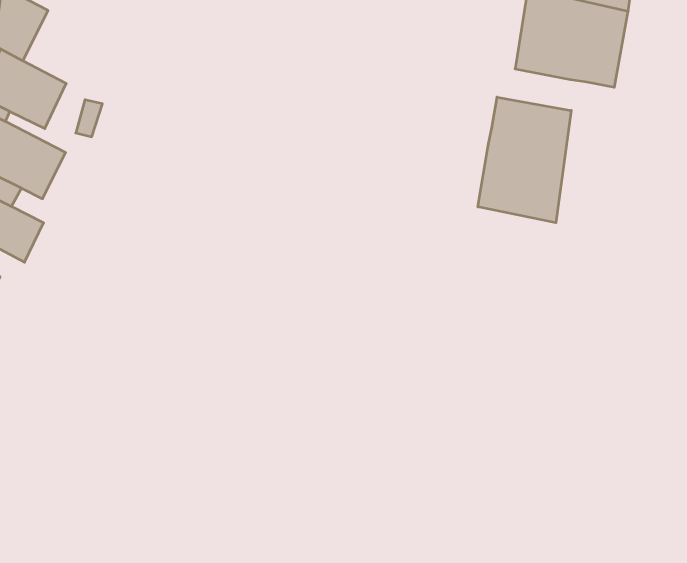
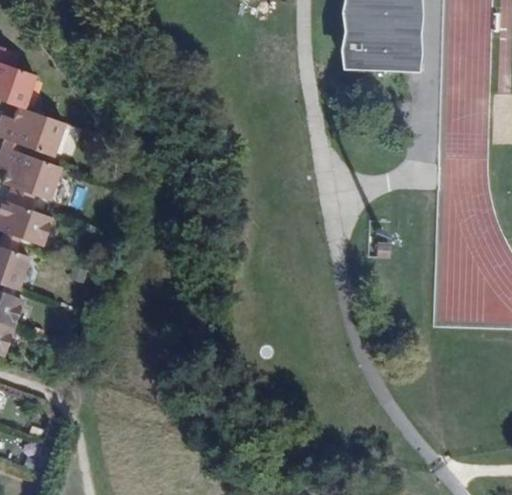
building: [478,97,571,223] -> none

